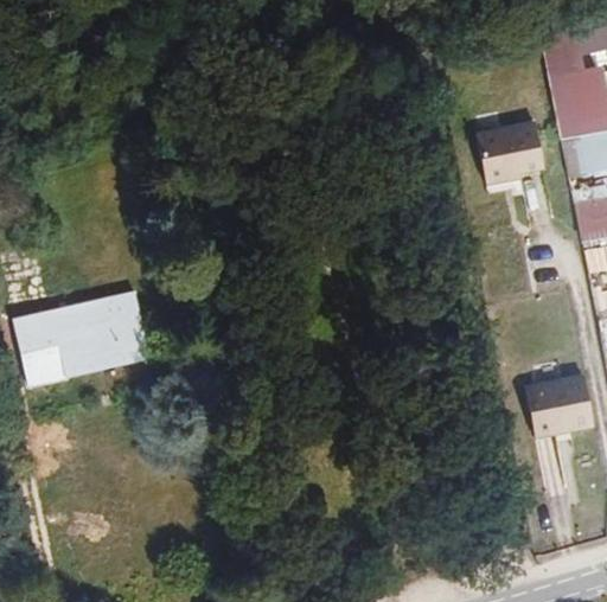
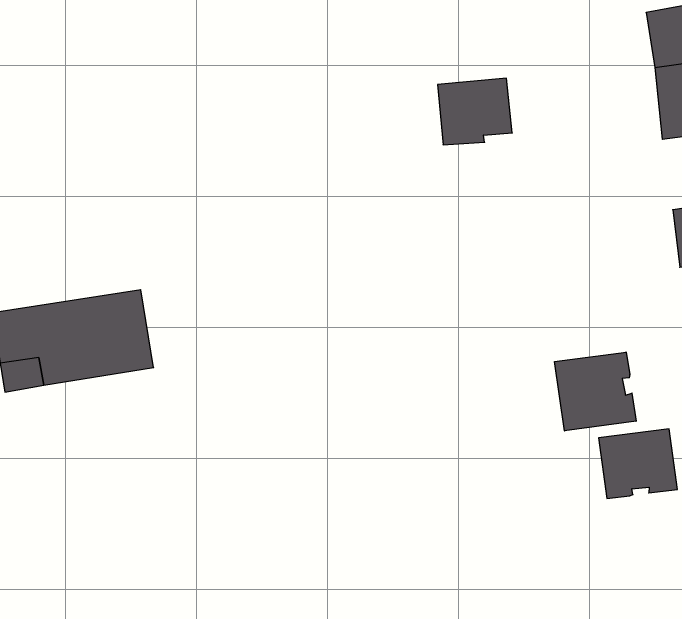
building: [479,127,544,186] -> [438,78,512,145]
building: none -> [555,352,636,431]

